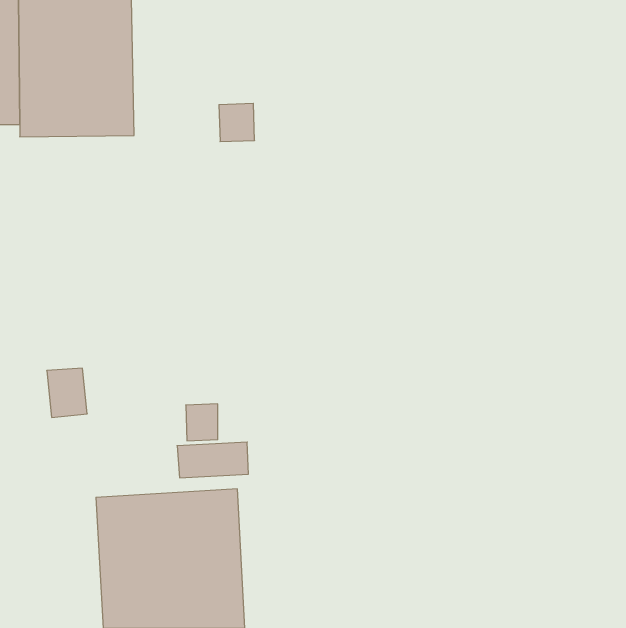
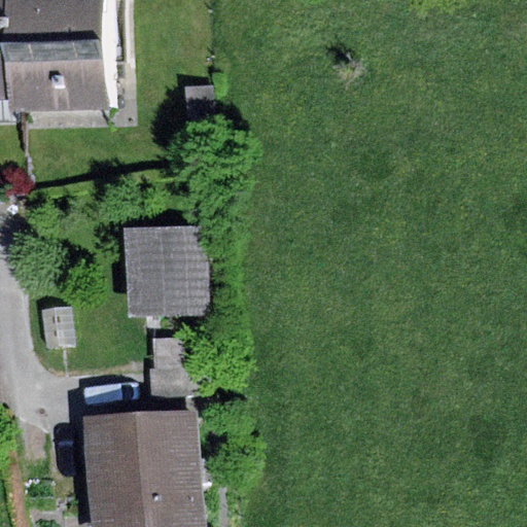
building: none -> [124,225,208,316]

